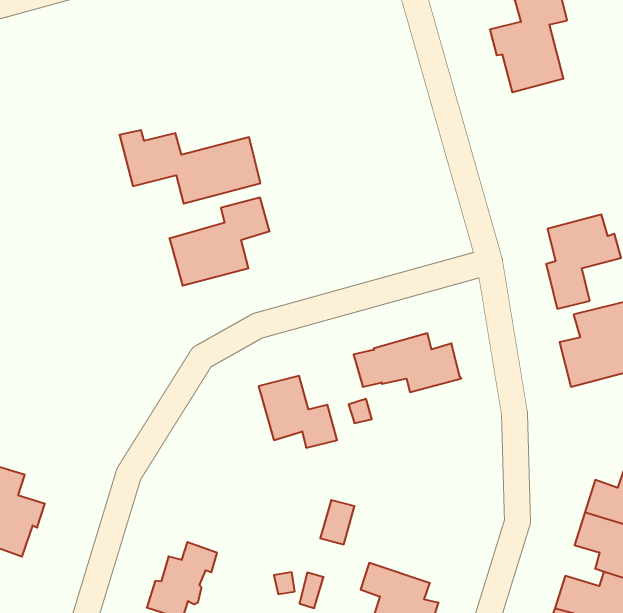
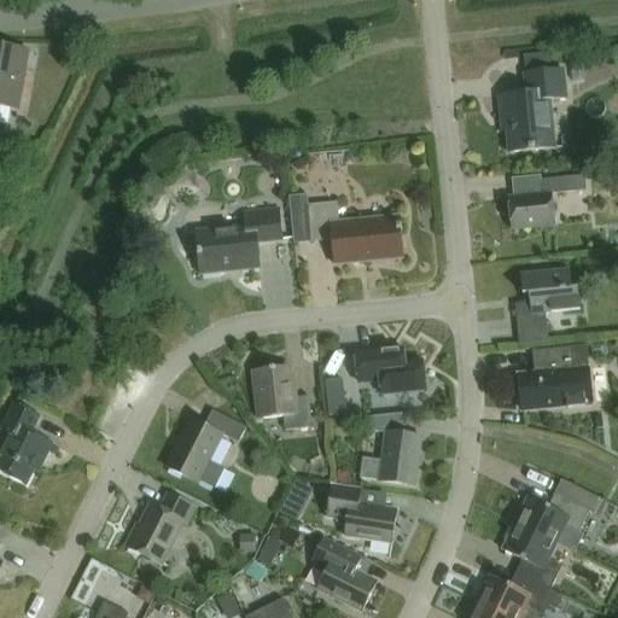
building: none -> [509,174,587,228]
building: [119,130,260,204] -> [288,194,403,263]
building: none -> [360,410,421,484]
building: none -> [167,408,246,488]
building: none -> [326,483,398,543]

